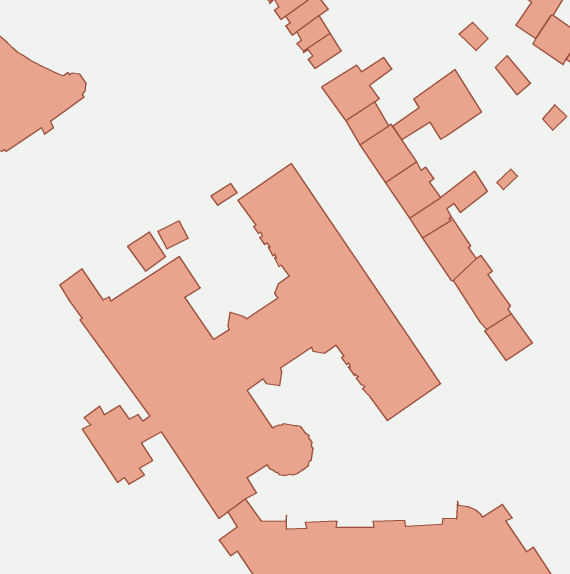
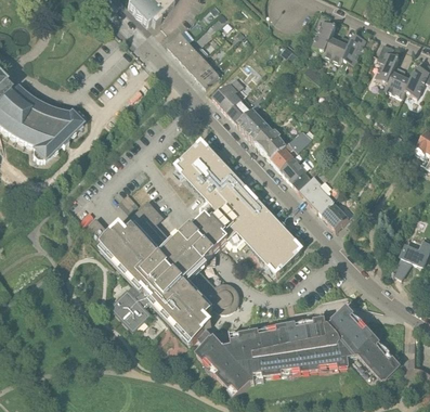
building: [393,69,481,140] -> none

